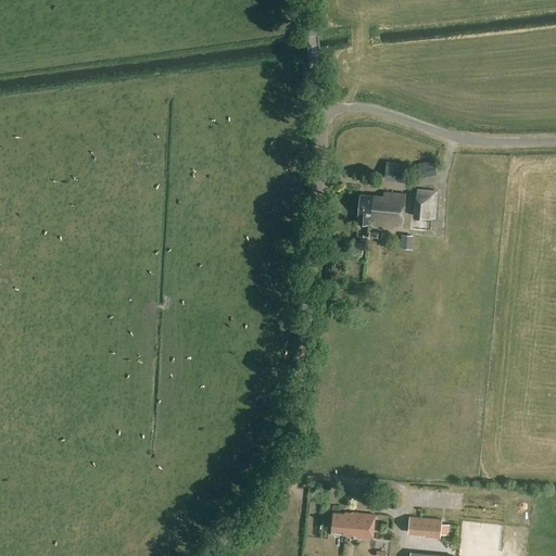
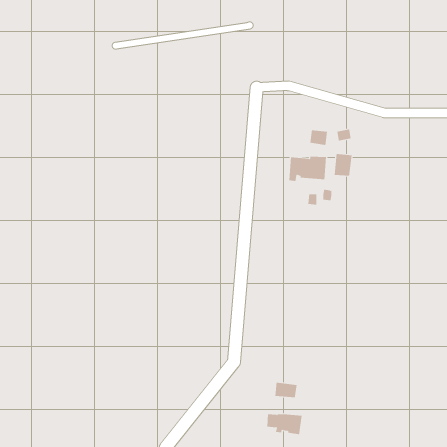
building: none -> [275,382,297,398]
building: [407,518,441,539] -> none

